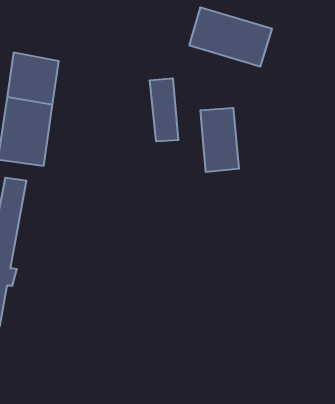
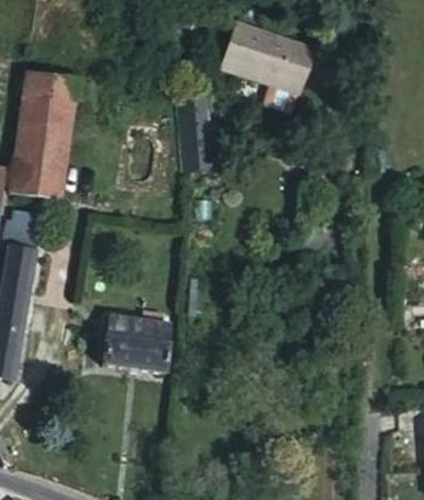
building: [200,108,239,172] -> none
building: none -> [102,316,171,373]

